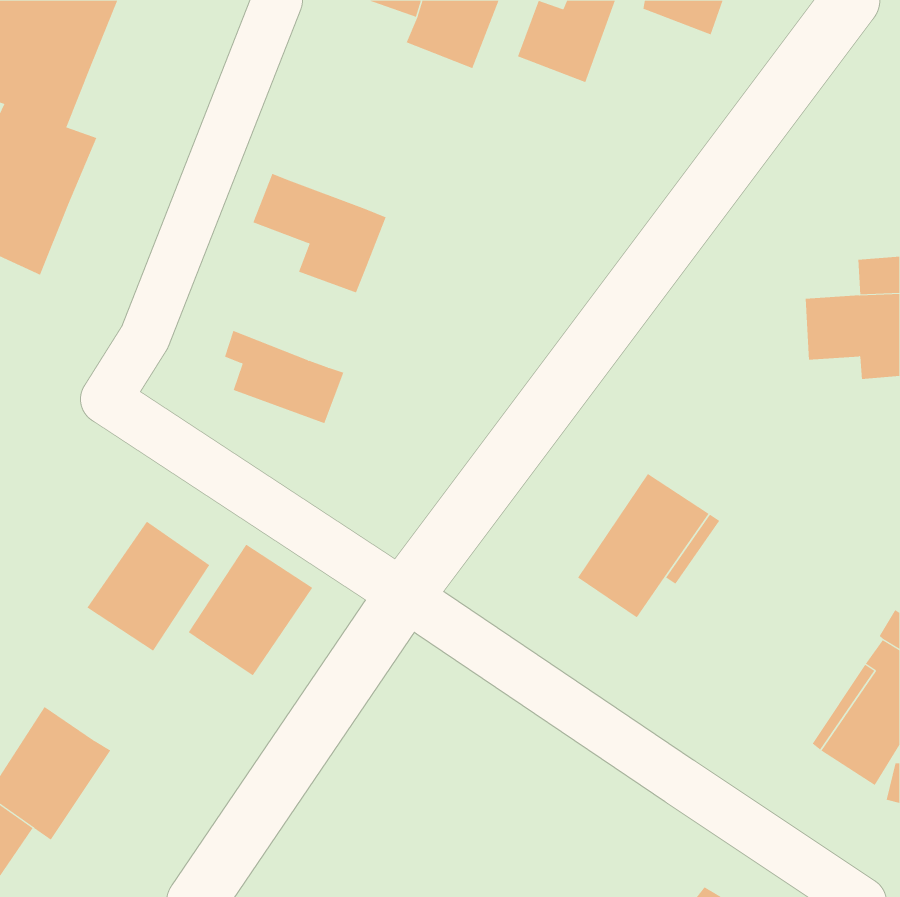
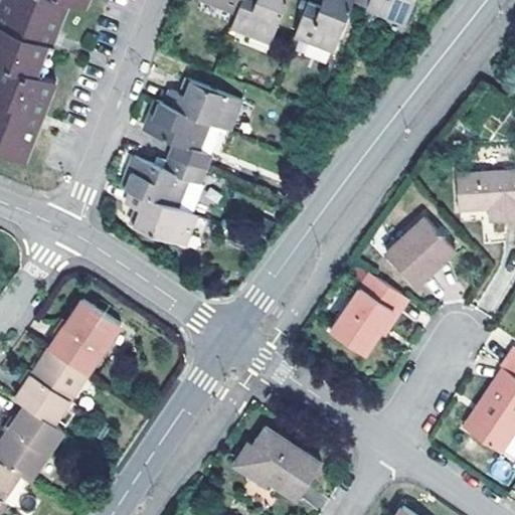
building: none -> [165,80,239,130]
building: none -> [127,157,203,212]
building: none -> [385,218,454,285]
building: [188,544,313,676] -> [16,349,88,424]
building: none -> [235,428,321,500]

